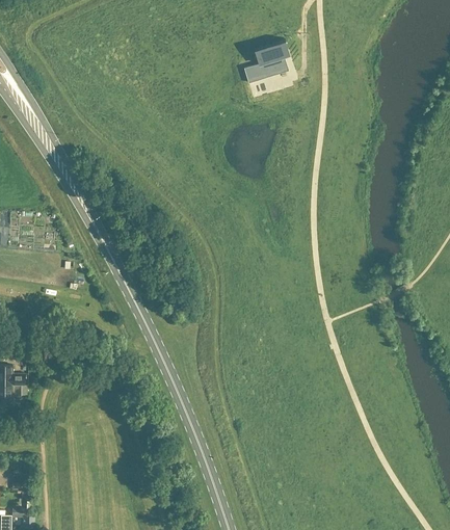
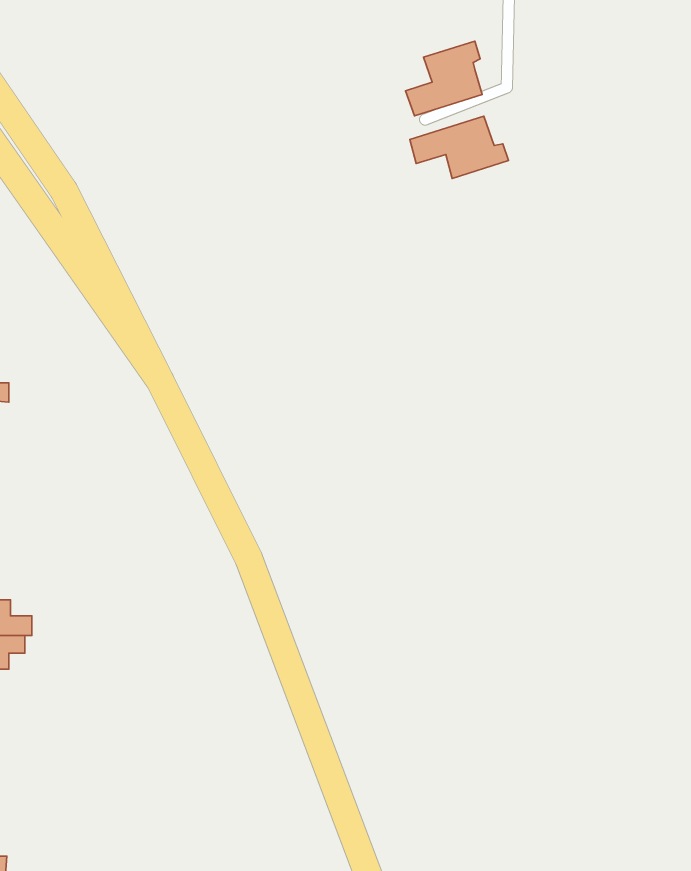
building: none -> [410,116,508,178]

